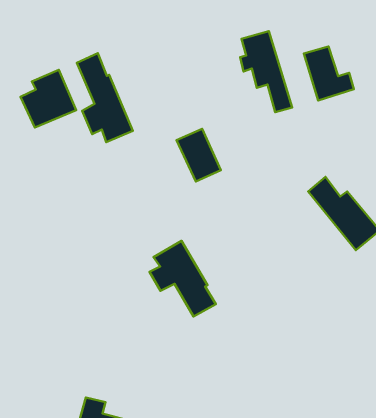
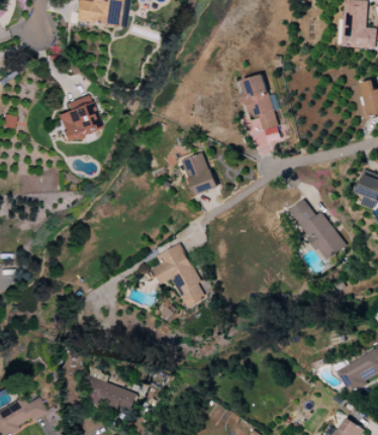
building: [304,47,354,100] -> none
building: [77,53,133,142] -> none

